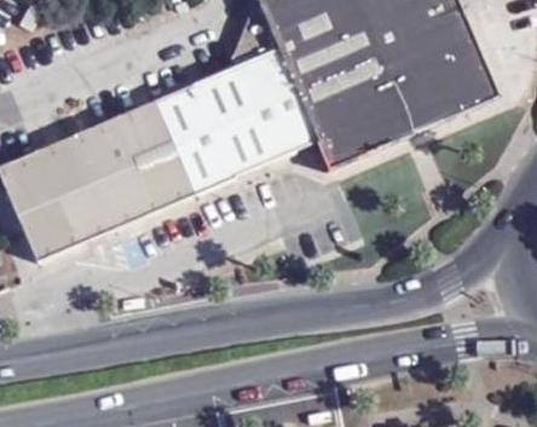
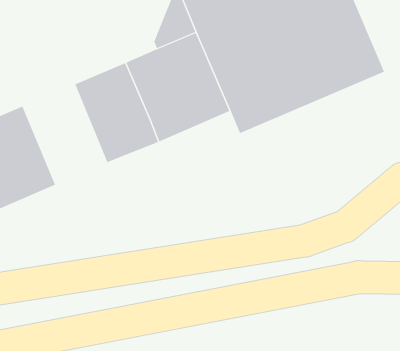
building: [75,109,173,226] -> none

